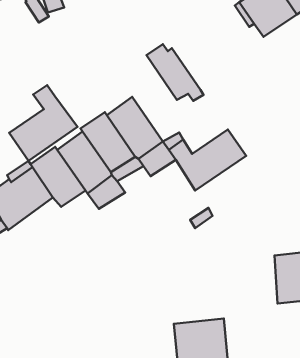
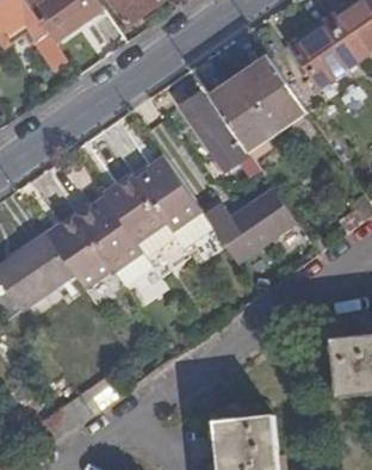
building: none -> [211,57,304,147]
building: [9,85,78,161] -> none

